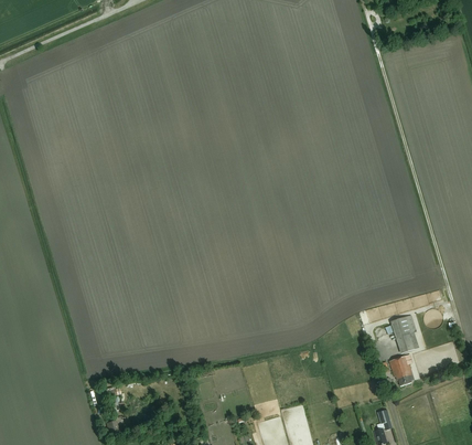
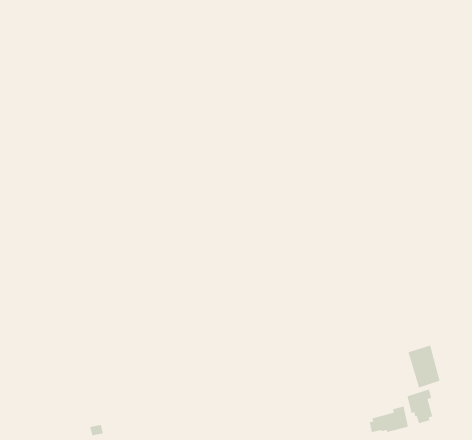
building: none -> [369,405,409,433]

